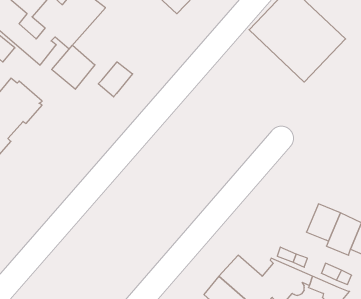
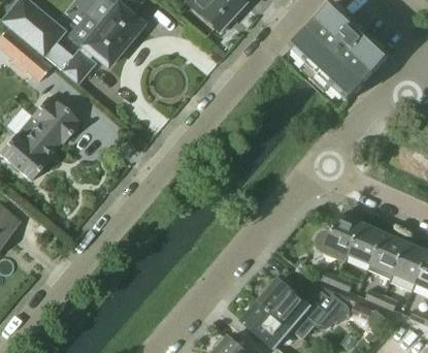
building: [52,45,95,89] -> none
building: [98,62,133,97] -> none
building: none -> [312,217,362,262]

